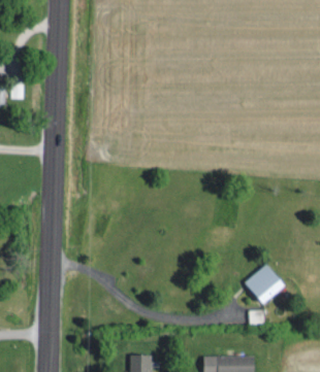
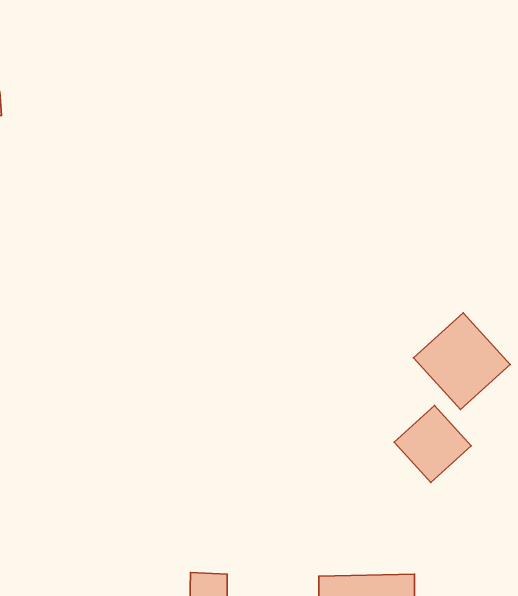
building: none -> [414,313,510,409]

